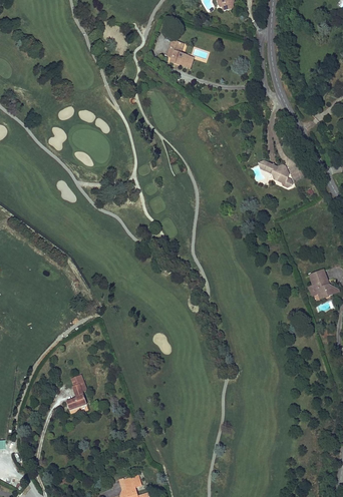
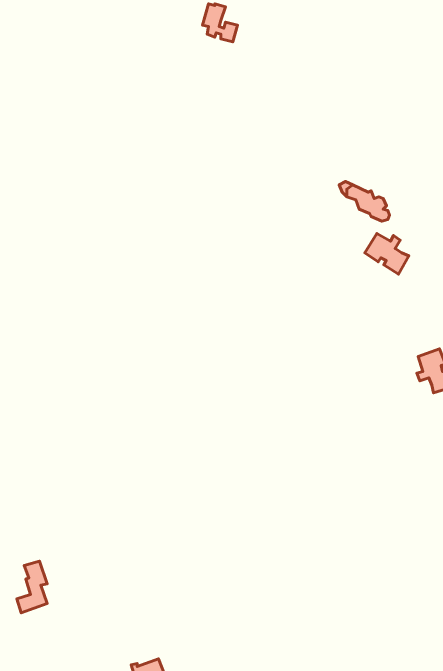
building: none -> [365,234,409,274]
building: [65,377,85,411] -> [17,561,47,613]

